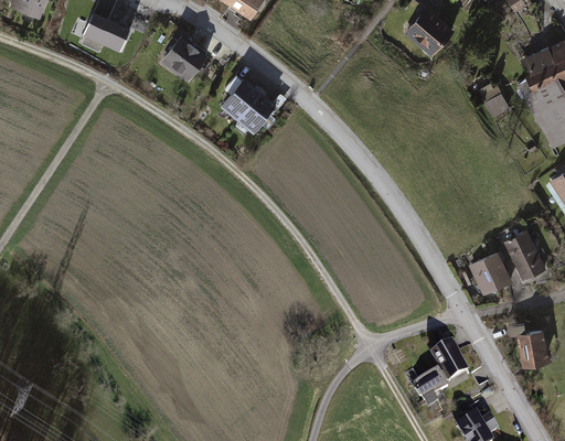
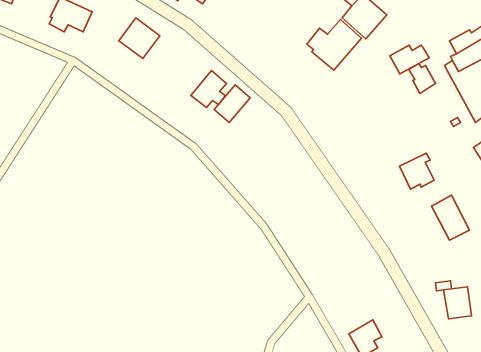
building: none -> [307,19,361,70]
building: none -> [390,45,429,74]
building: [221,77,260,119] -> [214,85,250,123]
building: [469,248,508,288] -> [399,153,434,189]
building: [430,340,469,381] -> none

